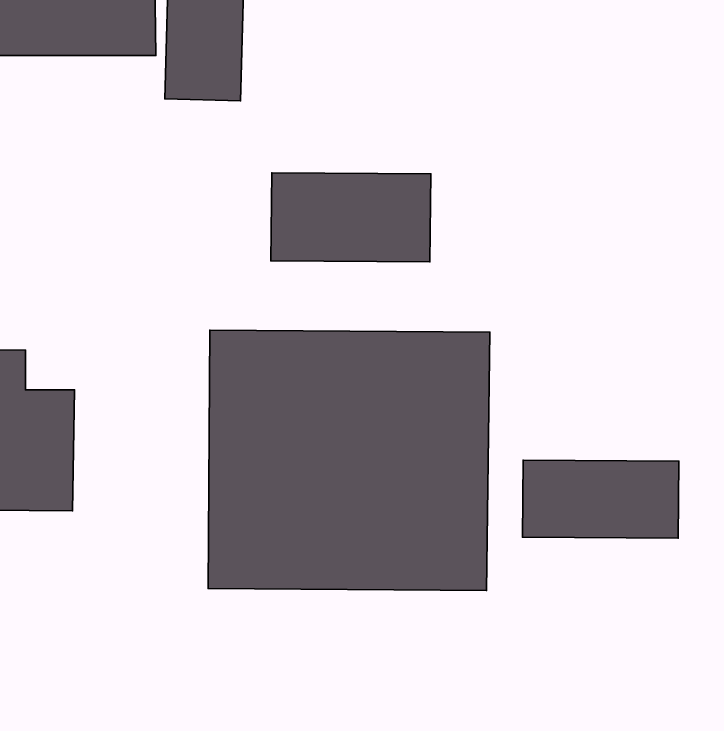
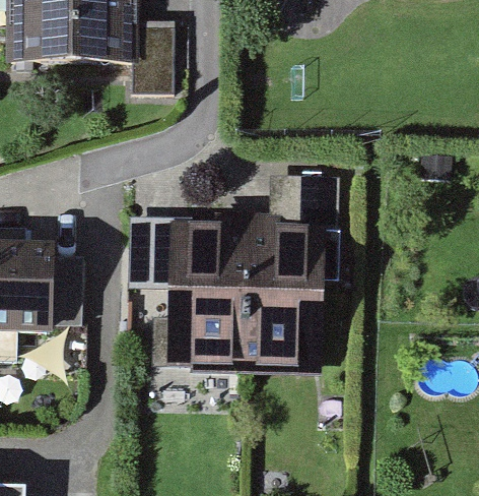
building: [271,173,431,262] -> none
building: [522,460,679,538] -> none

